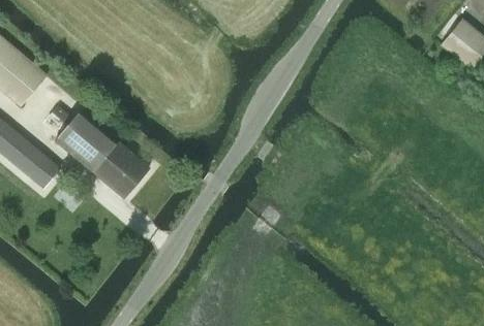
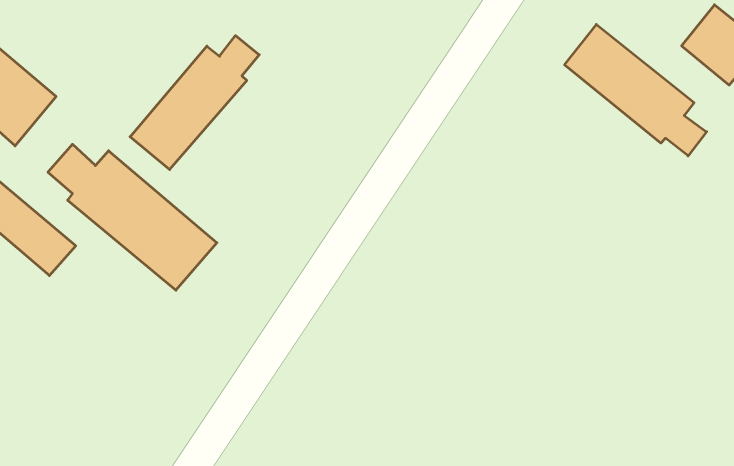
building: none -> [565,24,707,156]
building: none -> [130,36,259,170]

